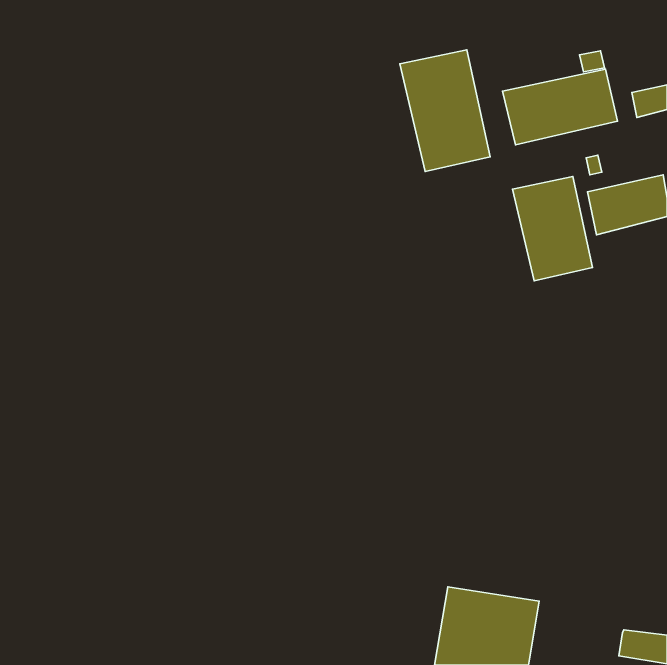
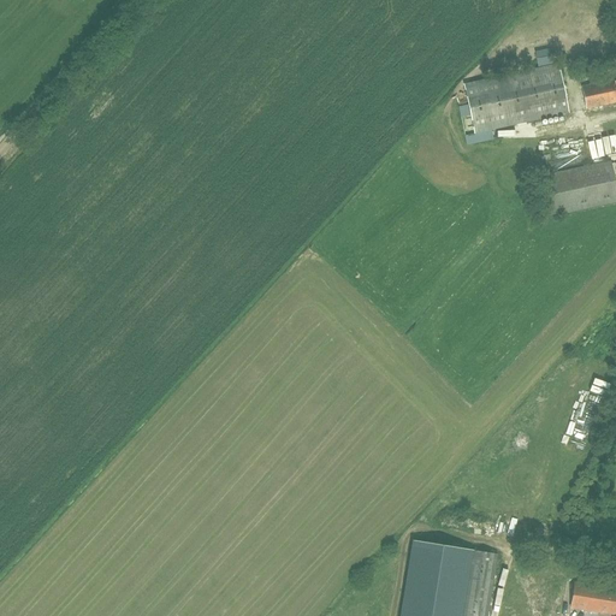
building: [400,50,490,171] -> none
building: [512,177,593,281] -> none

